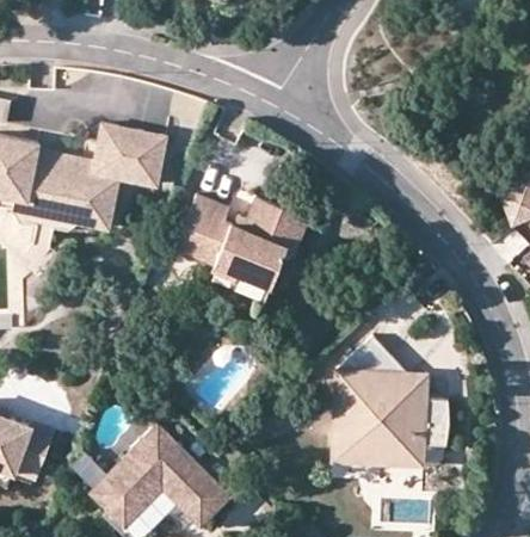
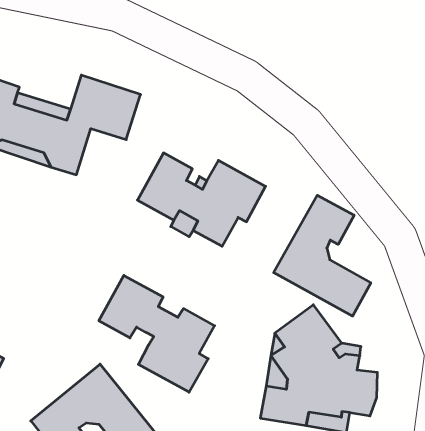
building: none -> [274,195,371,316]
building: none -> [99,275,215,392]

